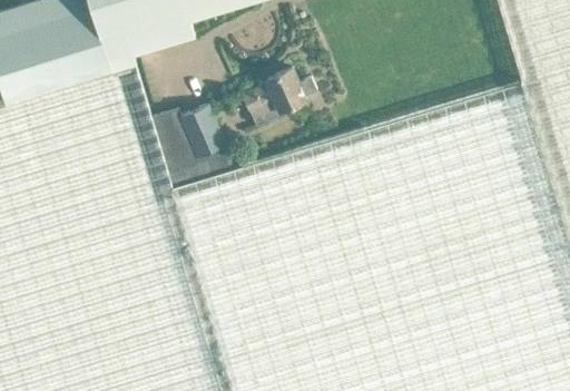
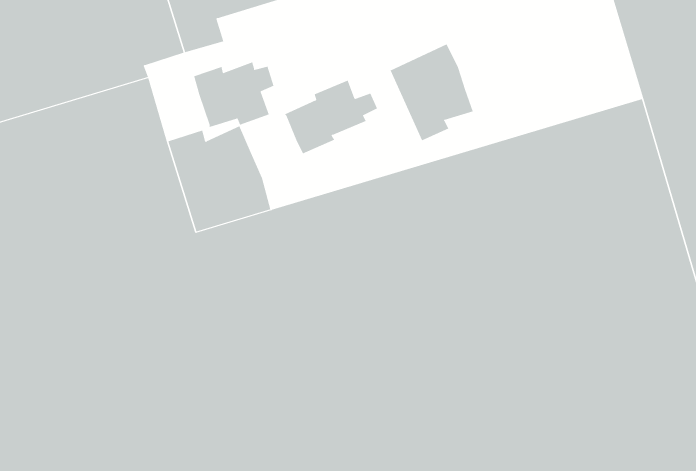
building: none -> [390,44,473,141]
building: none -> [193,62,274,128]

